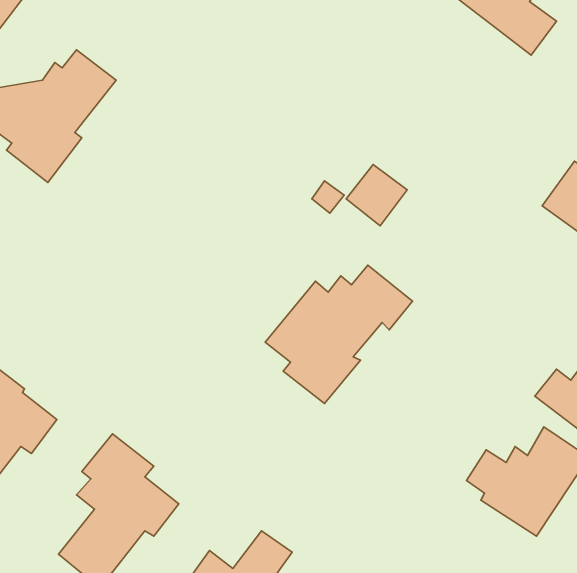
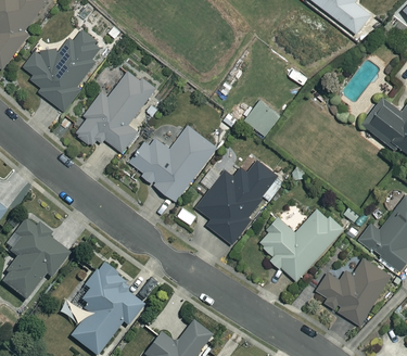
building: none -> [76,72,154,152]
building: none -> [130,126,217,201]
building: none -> [258,206,343,280]

